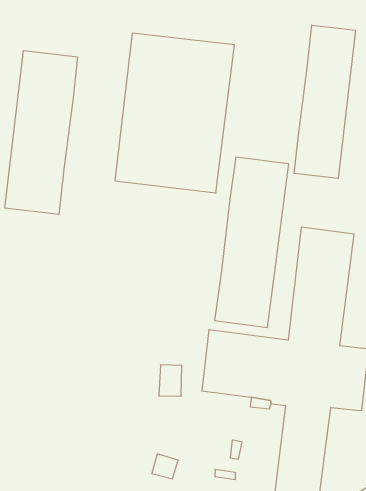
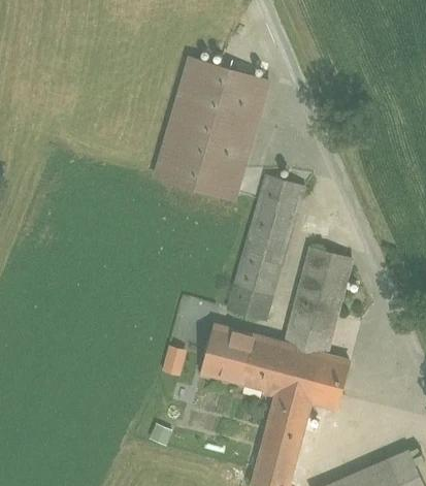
building: [294,25,356,179] -> none
building: [5,51,77,214] -> none

